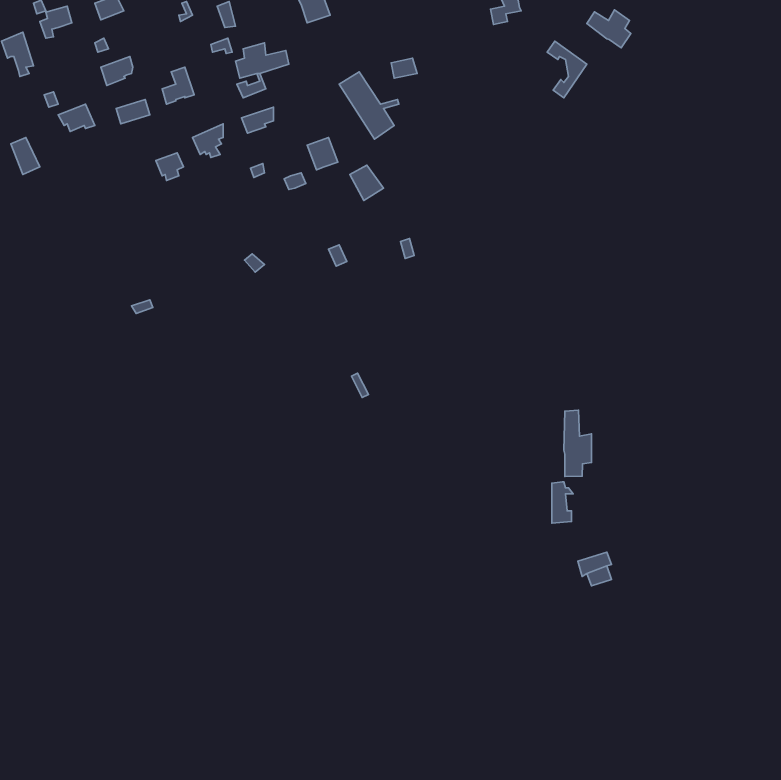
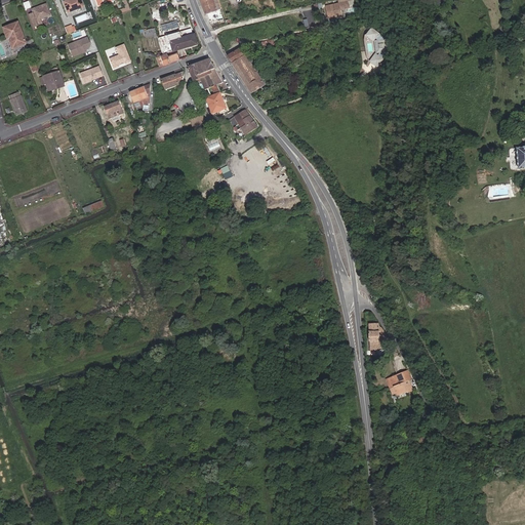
building: [587,10,631,48] -> none
building: none -> [189,59,224,92]
building: [564,410,592,476] -> none

